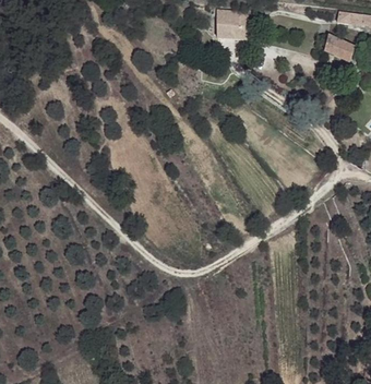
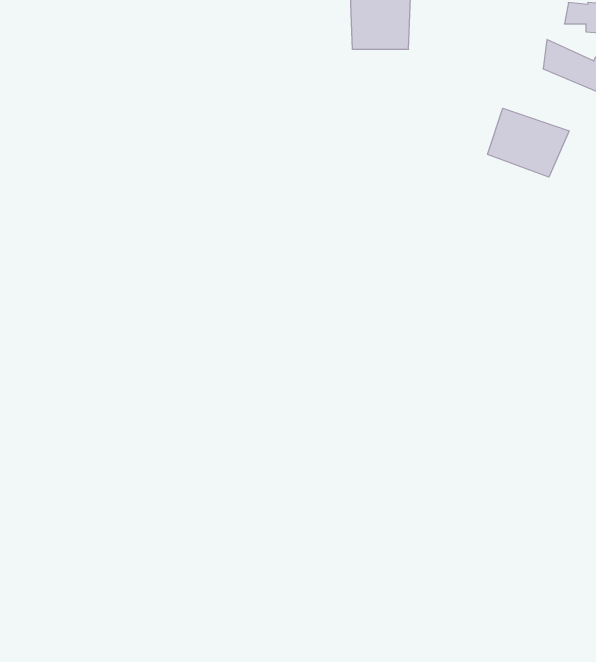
building: none -> [487,108,569,177]

